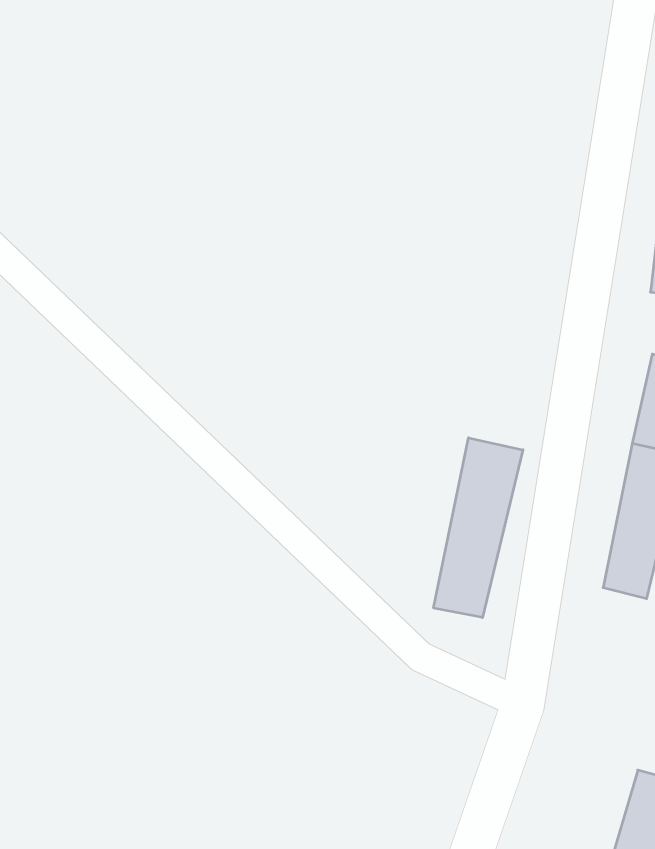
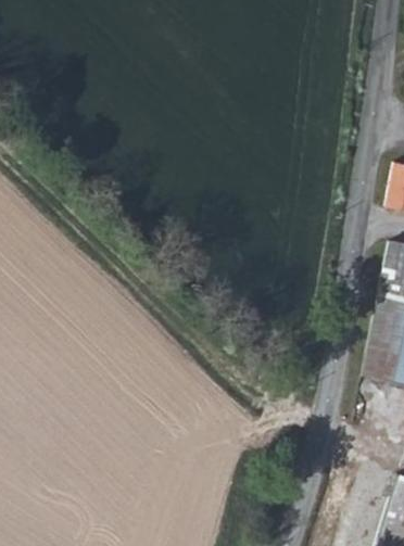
building: [434,438,523,618] -> none

